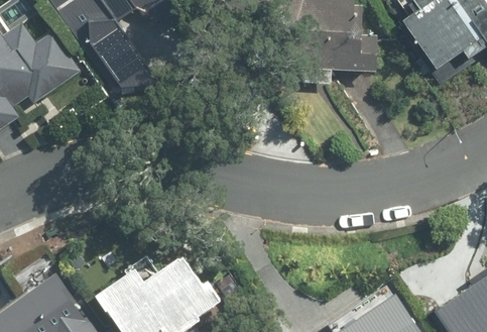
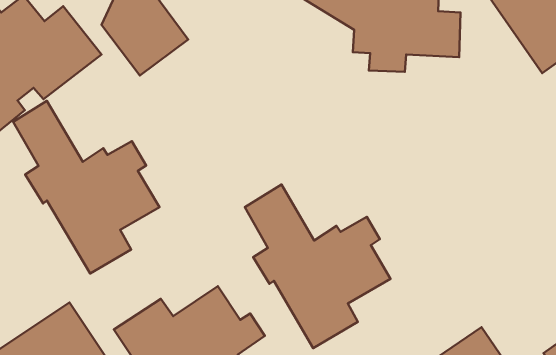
building: none -> [13,101,159,274]
building: none -> [245,184,391,348]

